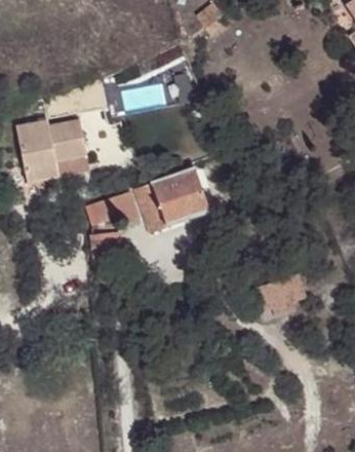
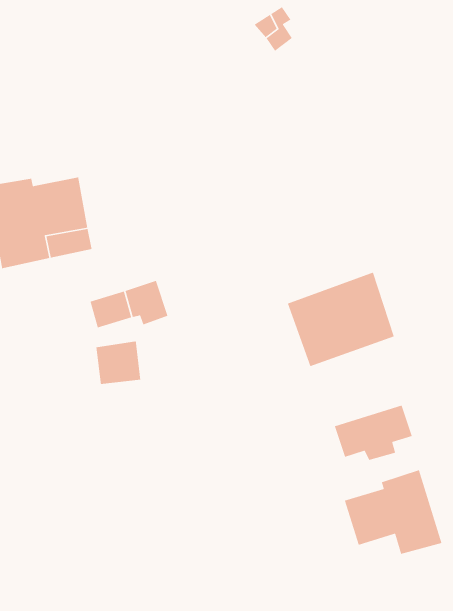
building: [135,166,208,231] -> [287,271,395,367]
building: none -> [344,469,442,555]

